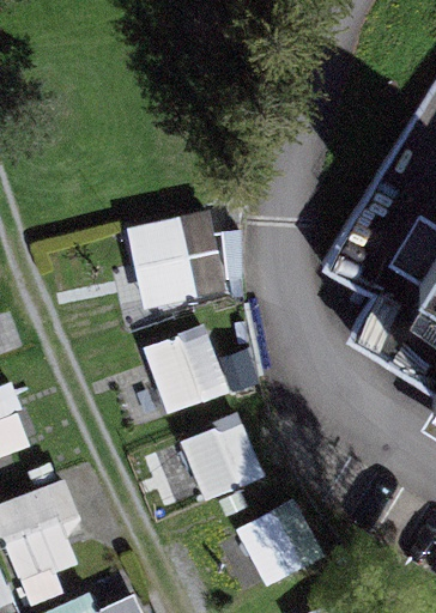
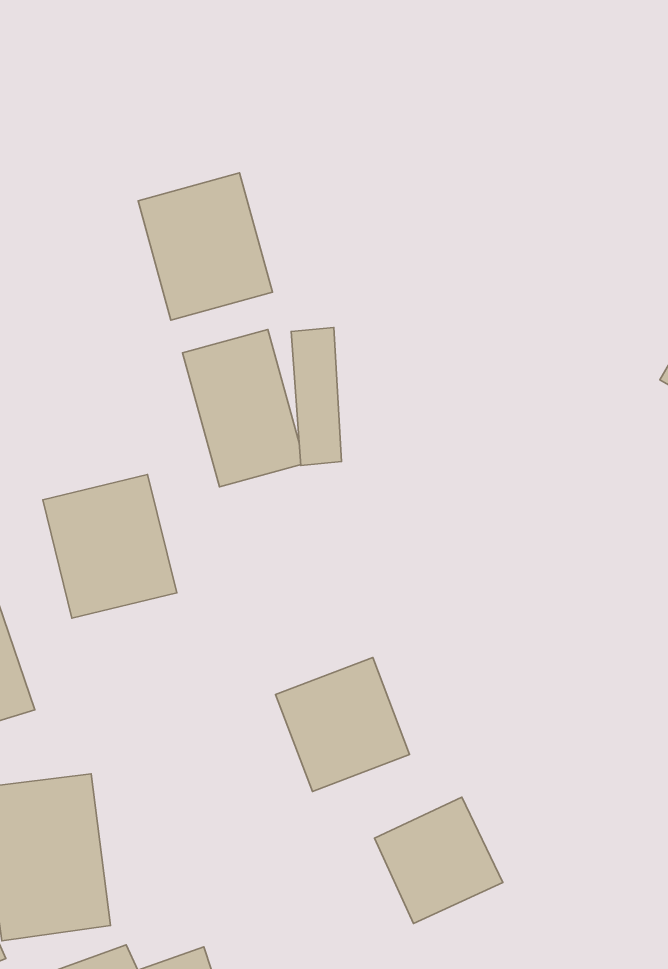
building: none -> [138,173,272,320]
building: [145,328,228,417] -> [43,475,177,618]

